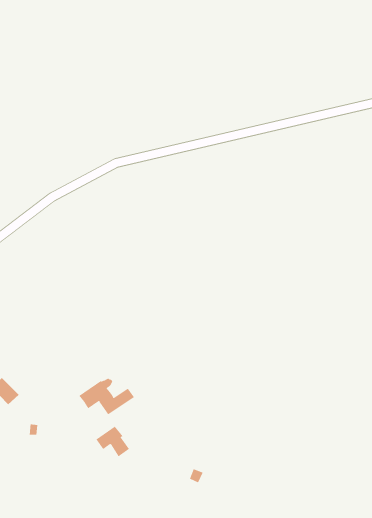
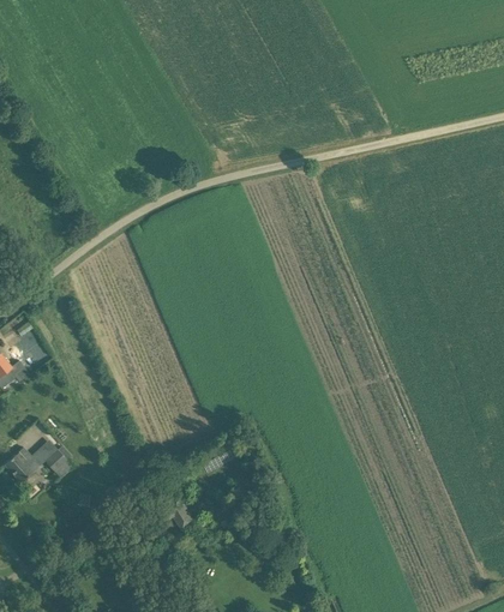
building: [79,378,135,415] -> none

